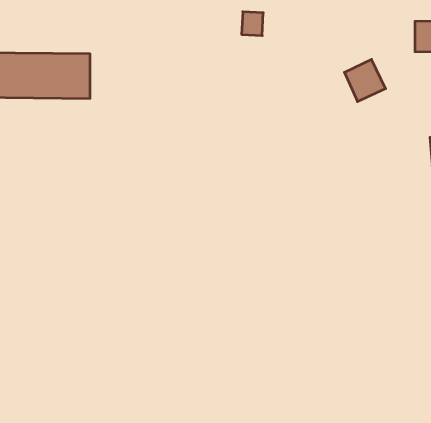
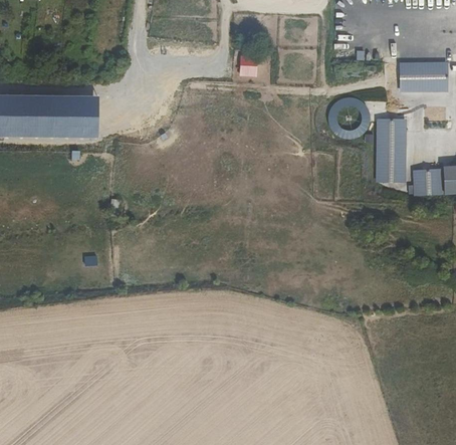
building: none -> [376,119,407,182]

